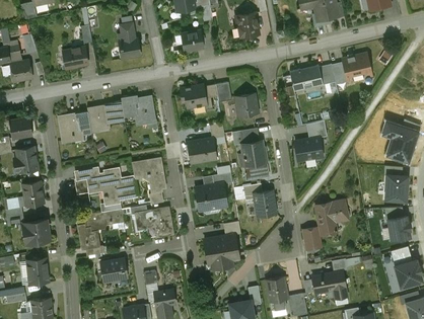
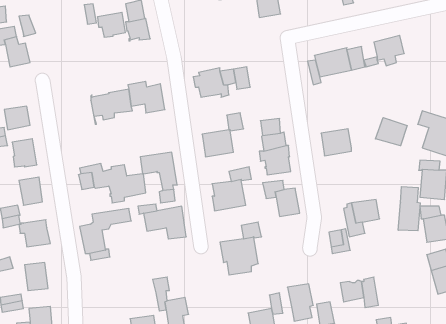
building: [181,30,204,52] -> none
building: [63,47,88,69] -> [97,12,125,37]
building: [234,93,259,116] -> none
building: [60,112,91,142] -> none
building: none -> [375,118,407,146]
building: none -> [398,187,420,231]
building: [100,259,127,283] -> none

